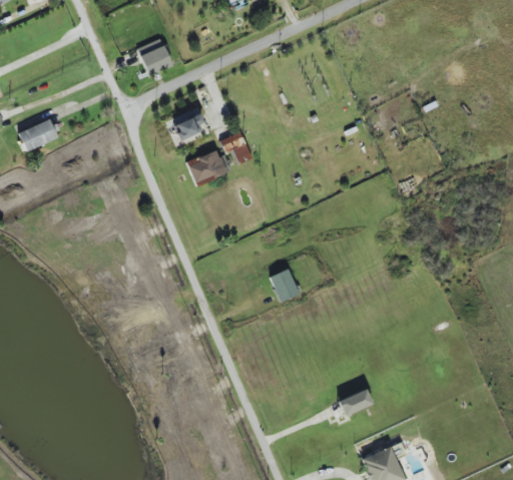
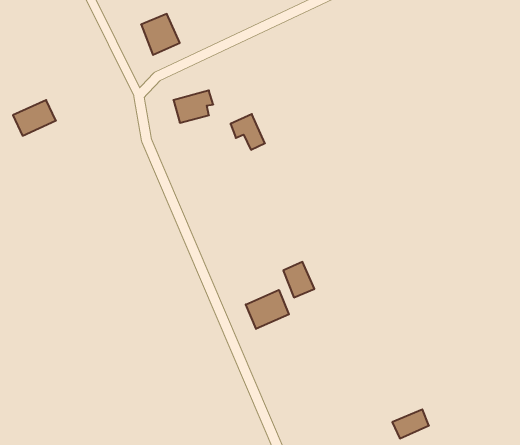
building: [186,149,231,186] -> none
building: none -> [246,290,289,329]
building: [338,389,372,416] -> [392,409,429,438]

